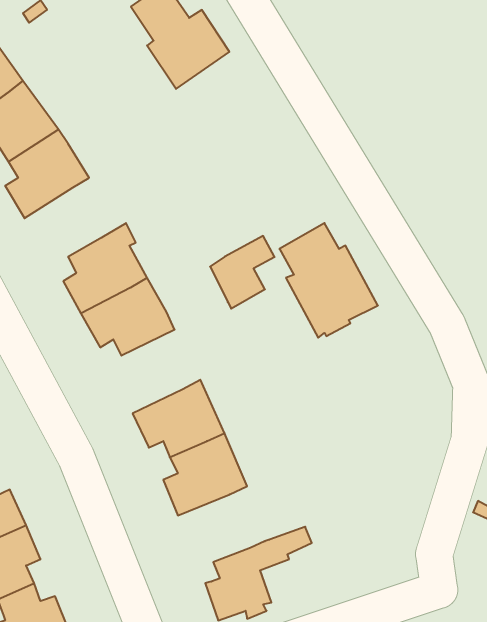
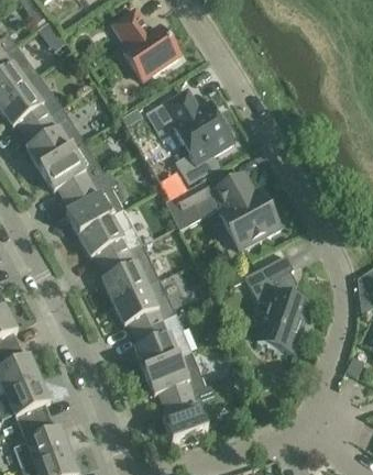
building: none -> [146,89,232,183]
building: none -> [39,147,91,195]
building: none -> [101,244,158,301]
building: none -> [244,254,307,352]
building: none -> [143,351,206,402]

